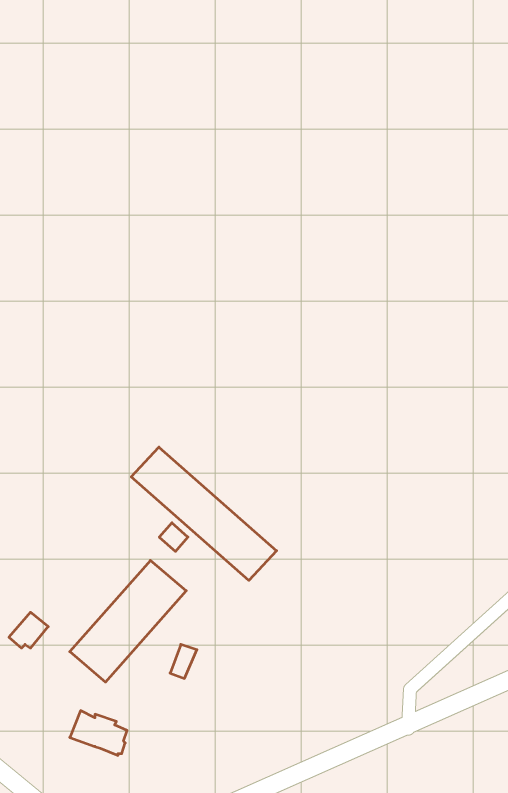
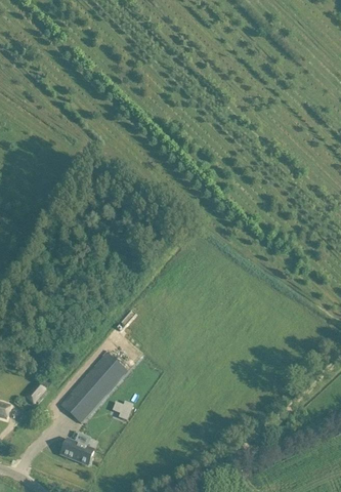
building: [131,447,277,580] -> none

